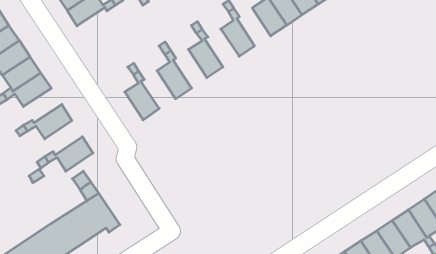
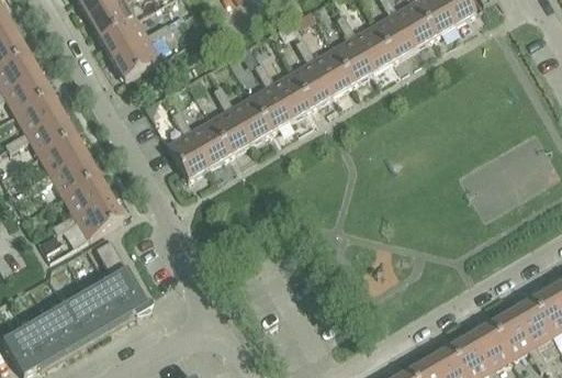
building: none -> [112,37,160,79]
building: none -> [312,48,352,96]
building: none -> [270,73,312,120]
building: none -> [229,96,270,144]
building: none -> [188,120,229,167]
building: none -> [40,134,88,176]
building: none -> [64,176,111,218]

